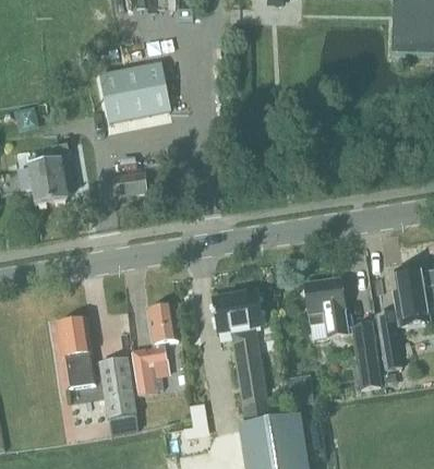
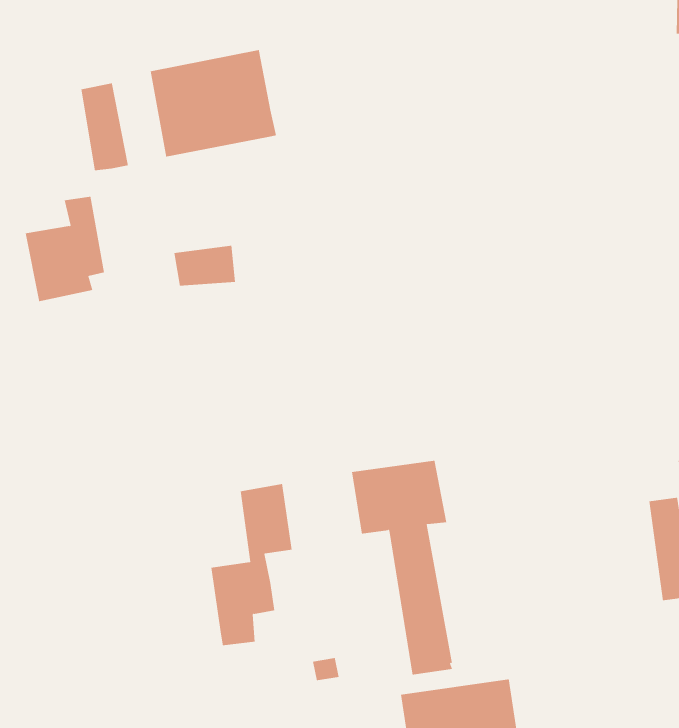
building: none -> [81,82,129,171]
building: [303,277,381,389] -> none
building: [58,320,96,388] -> none
building: [97,356,135,418] -> none

